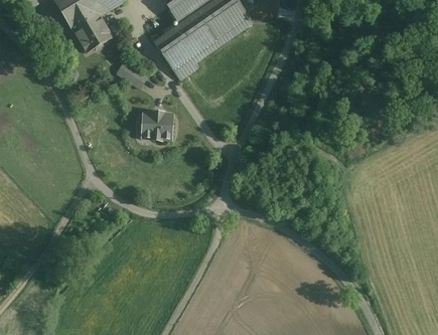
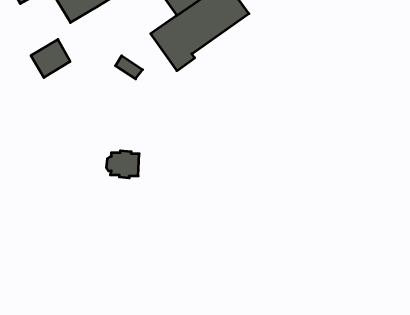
building: [74,14,113,52] -> [31,39,70,78]
building: [139,112,172,139] -> [106,151,139,178]

